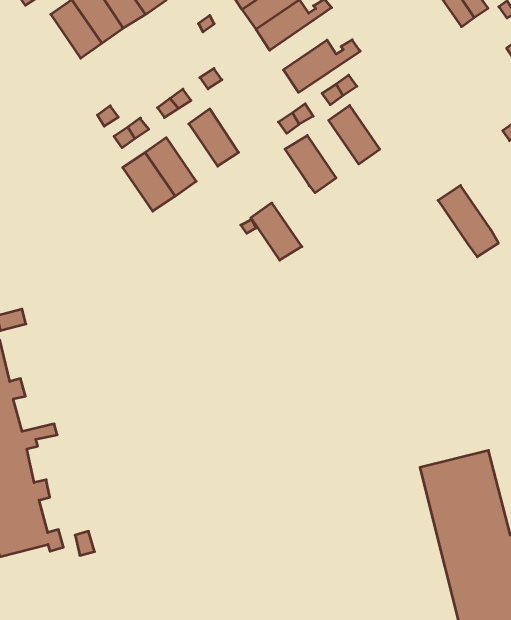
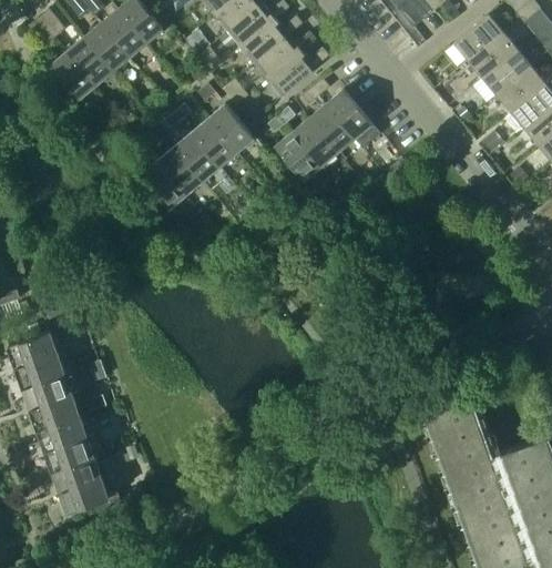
building: none -> [50,52,96,101]
building: none -> [255,32,317,80]
building: none -> [209,104,255,153]
building: none -> [175,133,221,181]
building: [438,185,498,257] -> [327,90,381,149]
building: [251,203,302,260] -> [294,119,339,166]

